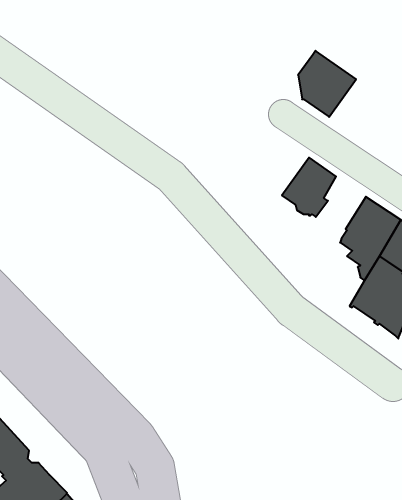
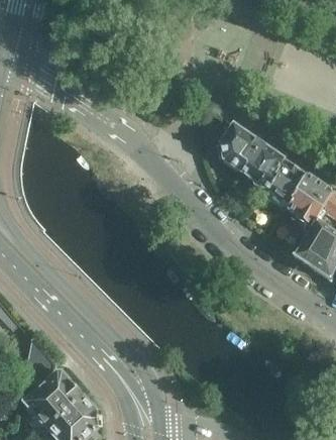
building: [298,51,356,117] -> [220,123,263,173]
building: none -> [260,158,306,211]

